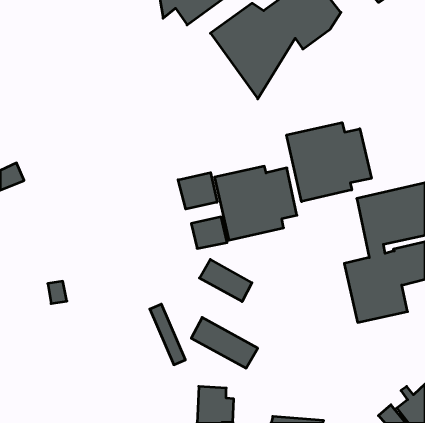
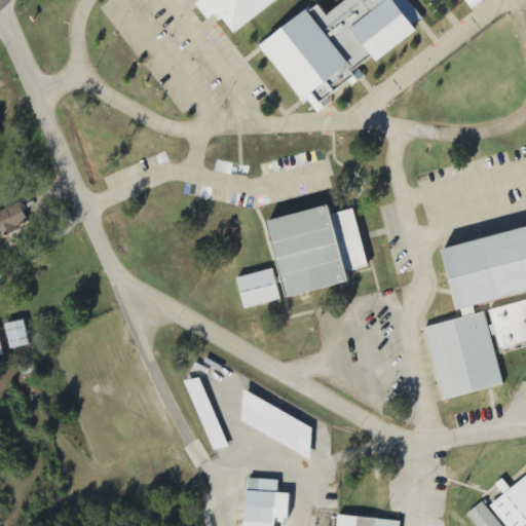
building: [287,123,371,202] -> none
building: [178,173,217,209] -> none
building: [199,259,252,302] -> none
building: [48,281,67,304] -> [6,320,30,347]

